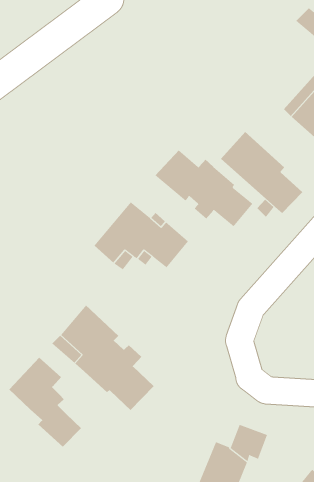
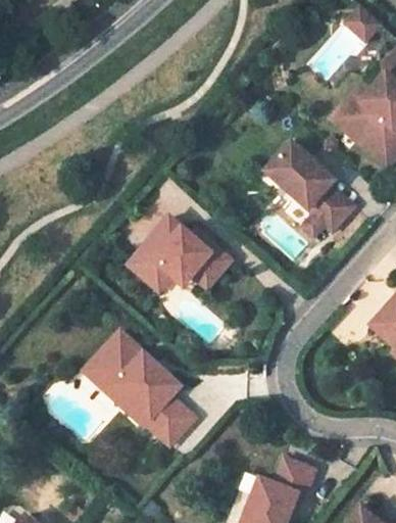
building: [154,150,253,227] -> none
building: [9,357,82,448] -> none

